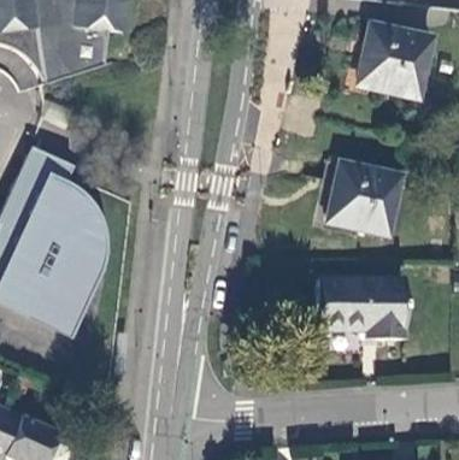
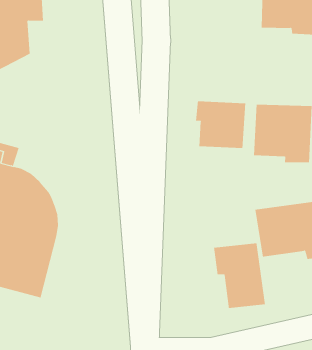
building: none -> [196,100,246,149]
building: none -> [213,242,265,309]

